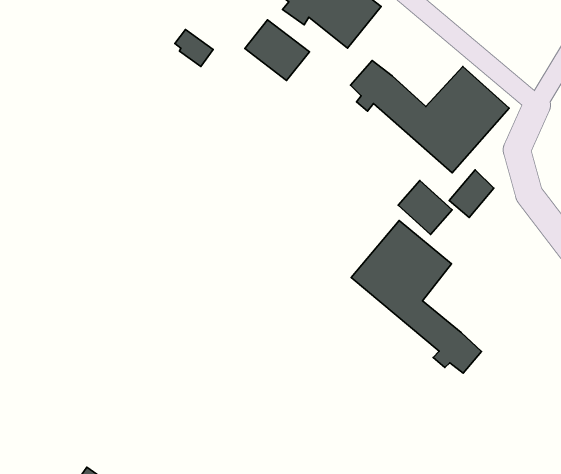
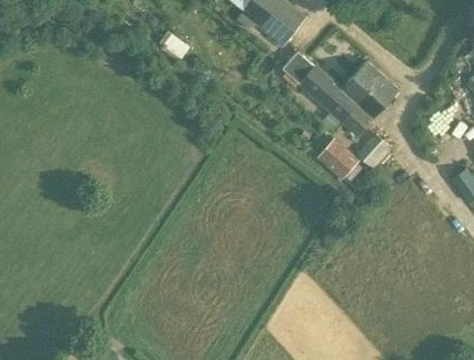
building: [245,20,309,80] -> none
building: [351,220,481,373] -> none

